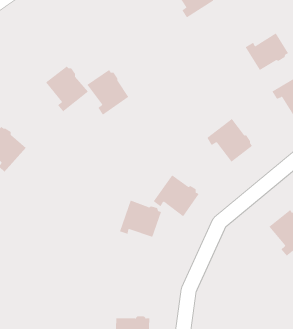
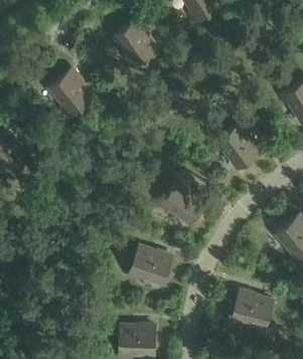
building: [245,32,289,71] -> none
building: [87,69,129,116] -> [113,20,156,67]
building: [119,200,162,238] -> [128,246,171,285]
building: none -> [231,292,272,334]

